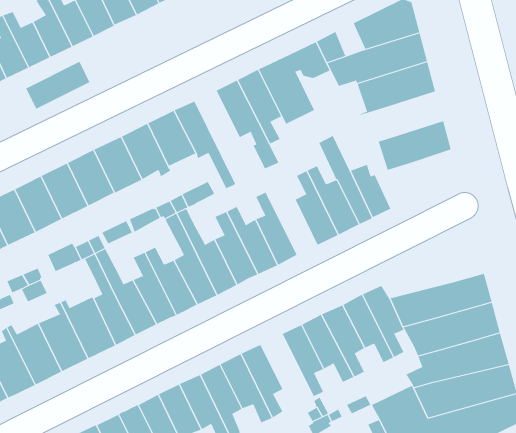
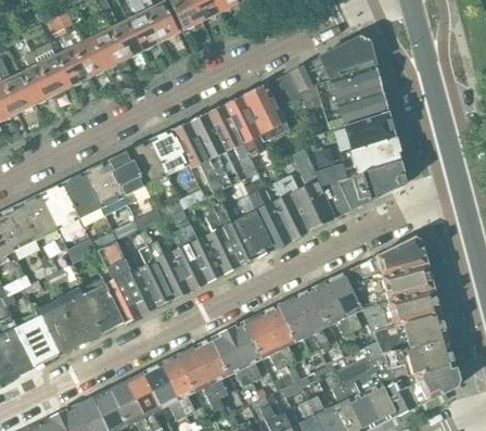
building: [25,61,90,109] -> none
building: none -> [189,112,232,189]
building: none -> [343,113,394,151]
building: none -> [337,161,405,210]
building: none -> [244,182,290,248]
building: none -> [343,237,427,283]
building: none -> [243,313,286,369]

